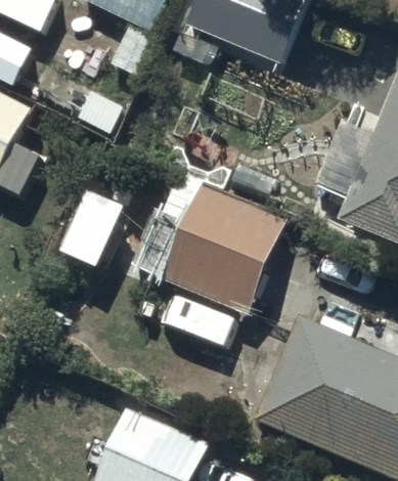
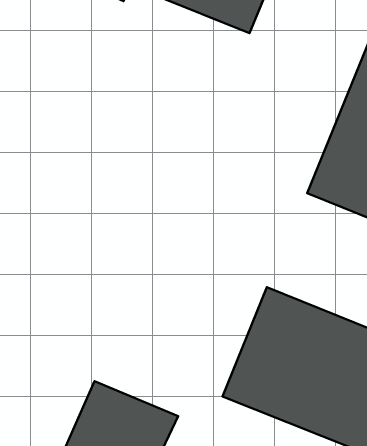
building: [129,188,288,319] -> none

